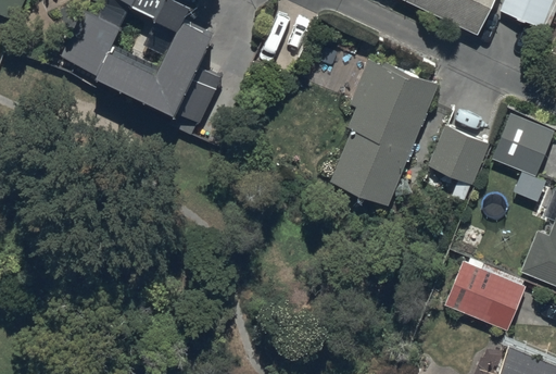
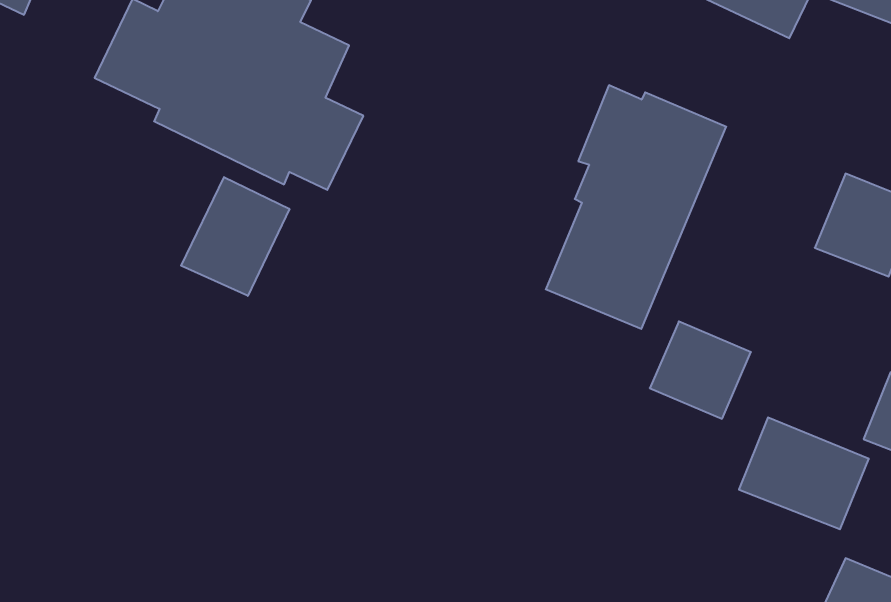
building: none -> [181,177,289,296]
building: [429,126,490,185] -> [650,321,751,419]

